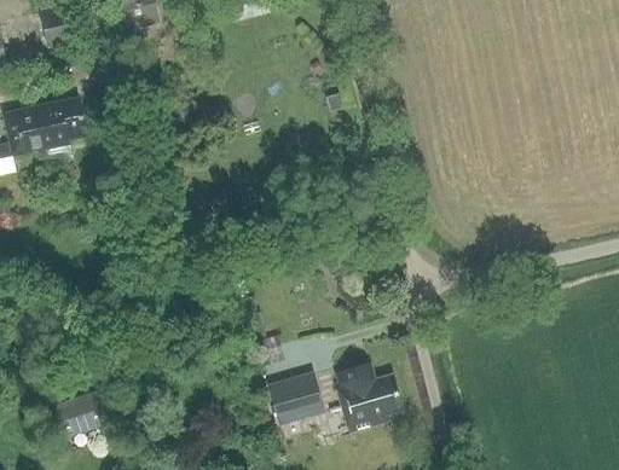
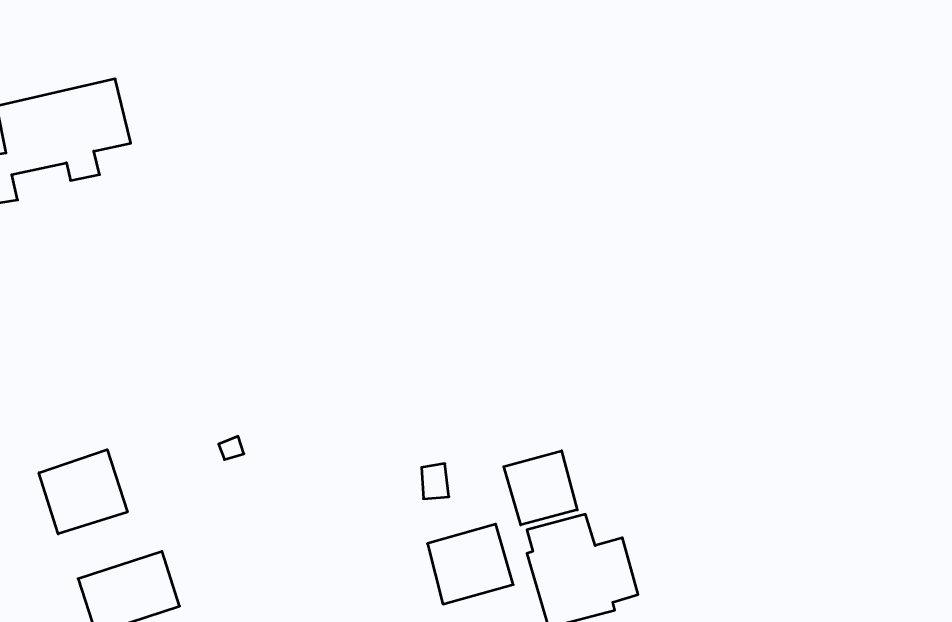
building: none -> [39,450,127,534]
building: none -> [504,451,577,525]

